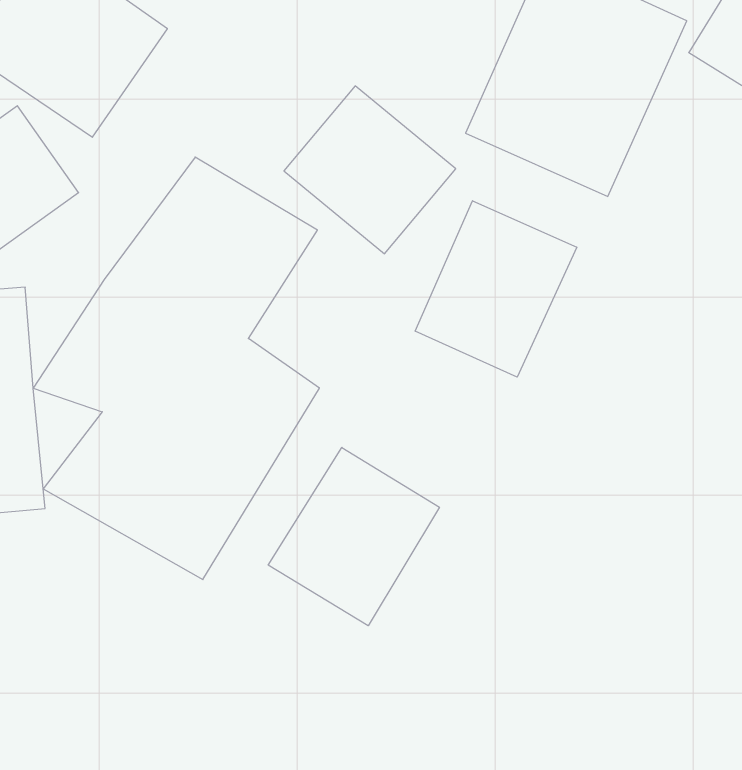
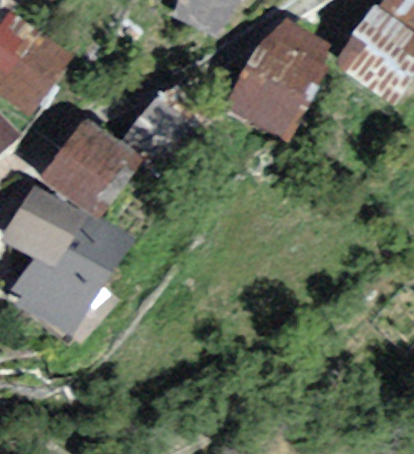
building: [415,201,577,377] -> none
building: [268,447,439,626] -> none

